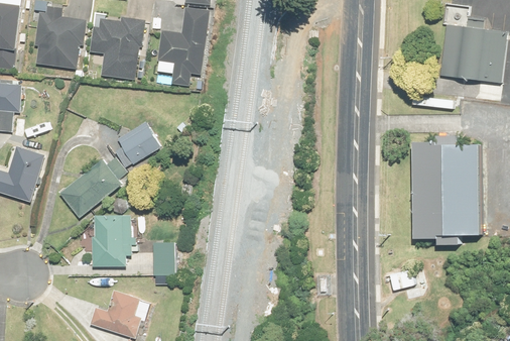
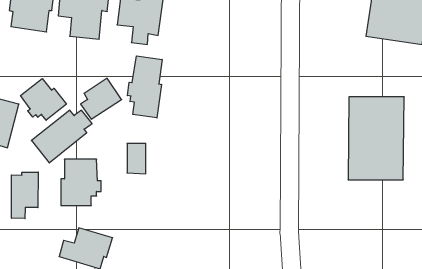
building: none -> [127,56,162,118]
building: none -> [21,79,66,120]
building: none -> [12,172,38,219]
building: [152,241,173,275] -> [127,143,146,174]

